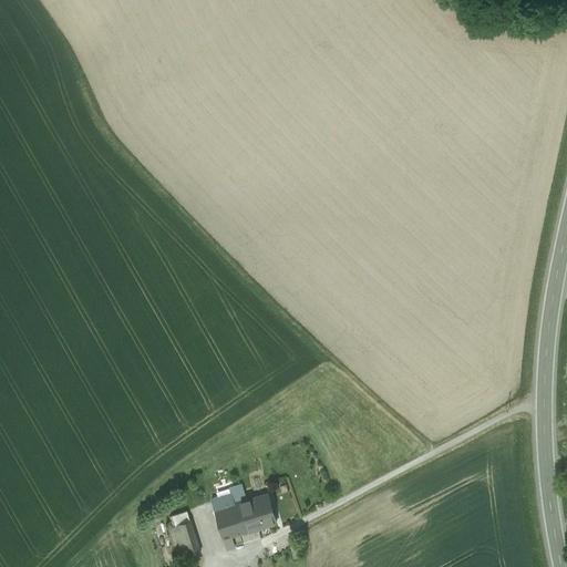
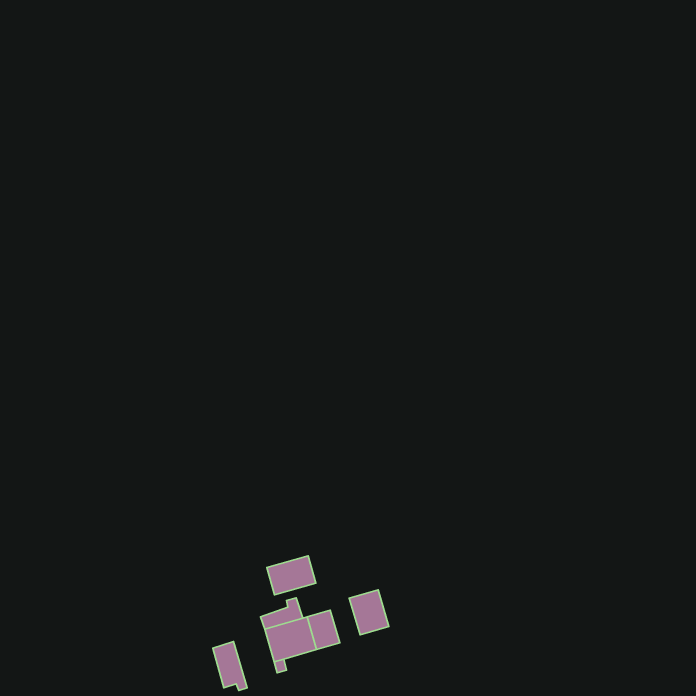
building: none -> [267,556,316,595]
building: none -> [349,590,389,635]

